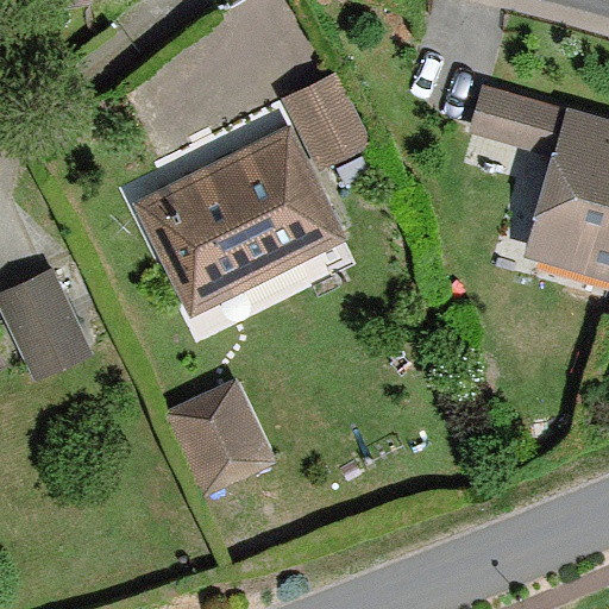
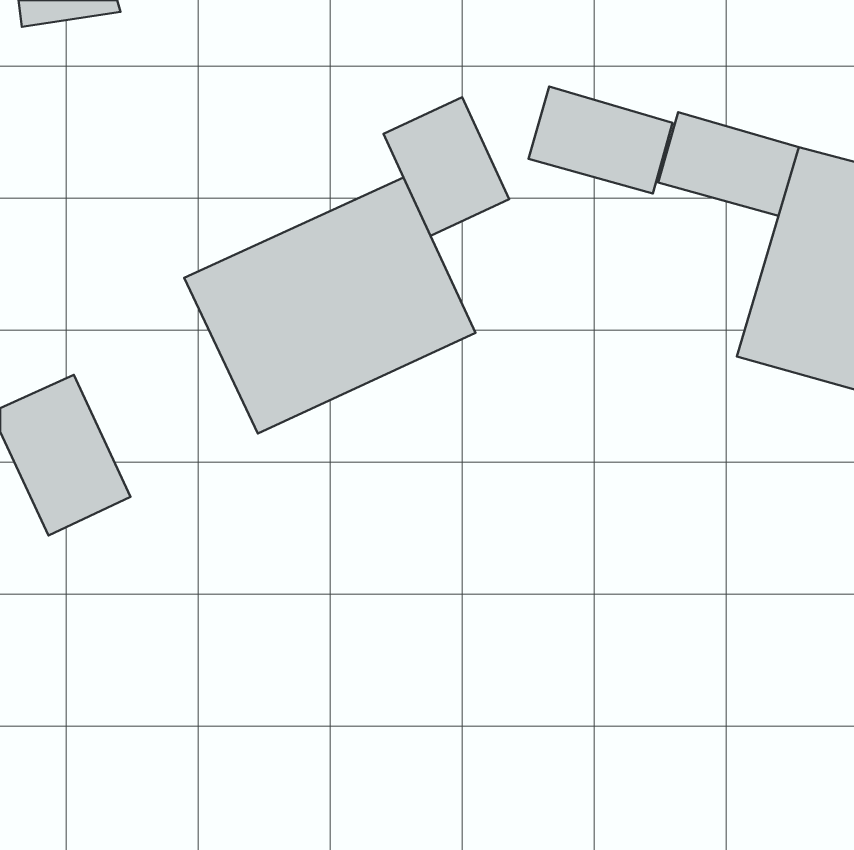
building: none -> [529,87,673,194]
building: [168,381,276,501] -> none

